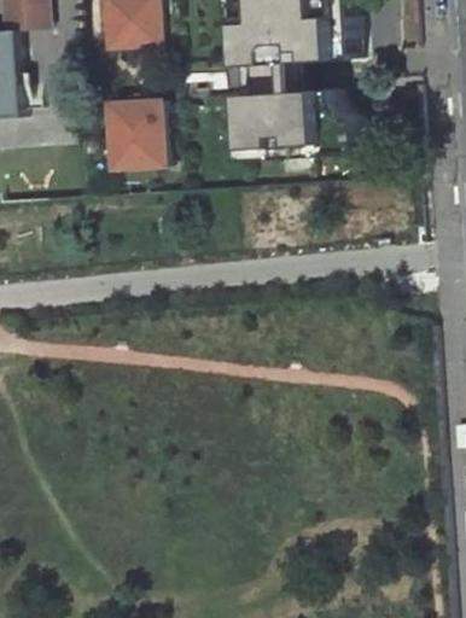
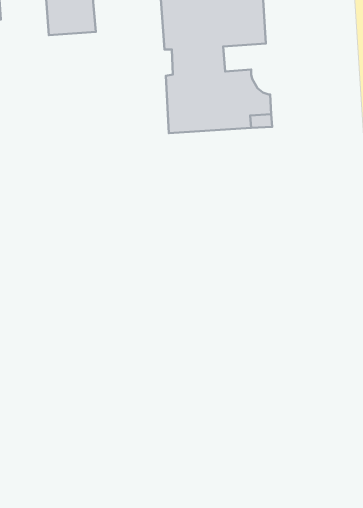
building: [105,97,163,167] -> none

